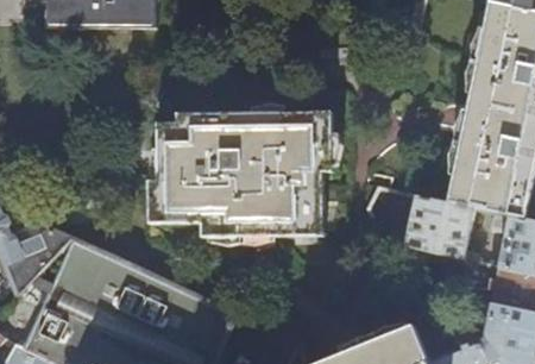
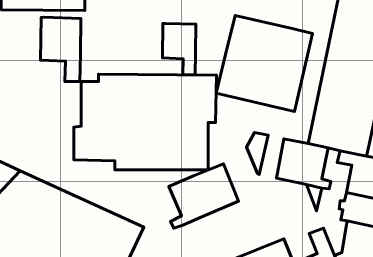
building: none -> [216,16,312,111]
building: none -> [41,17,81,81]
building: none -> [163,23,196,75]
building: none -> [169,164,238,228]

